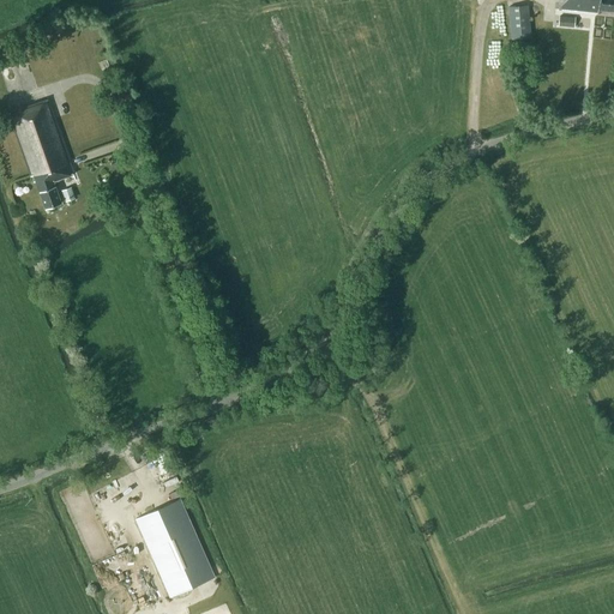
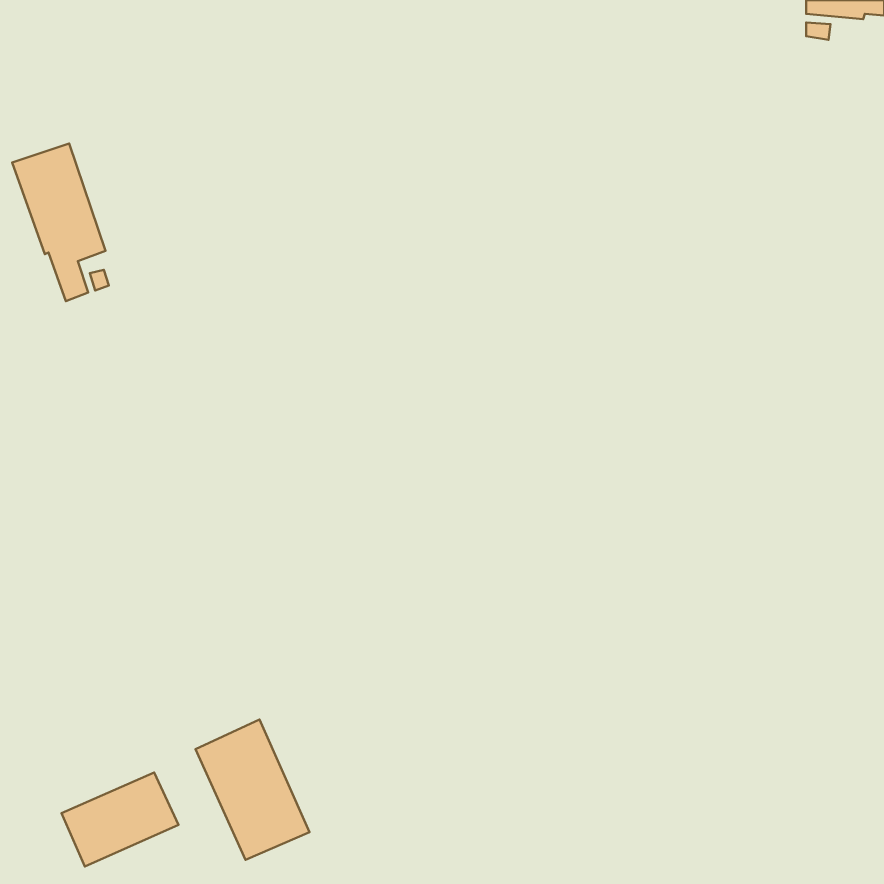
building: [508,5,531,40] -> none
building: none -> [62,772,178,866]

